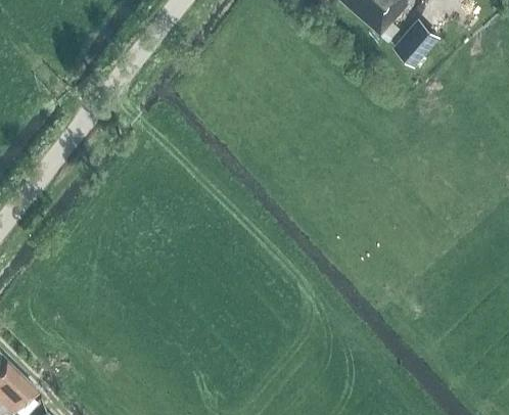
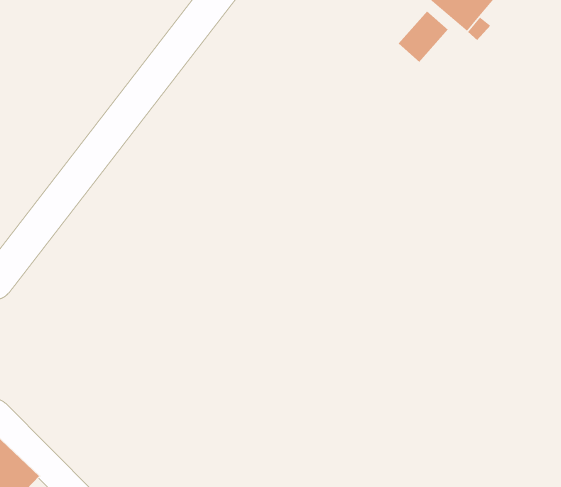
building: [392,19,433,61] -> [398,11,449,63]

